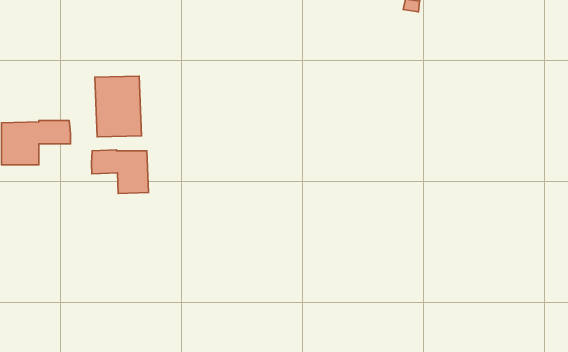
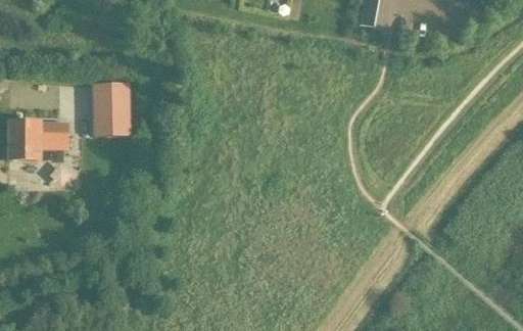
building: [92,150,148,194] -> none

